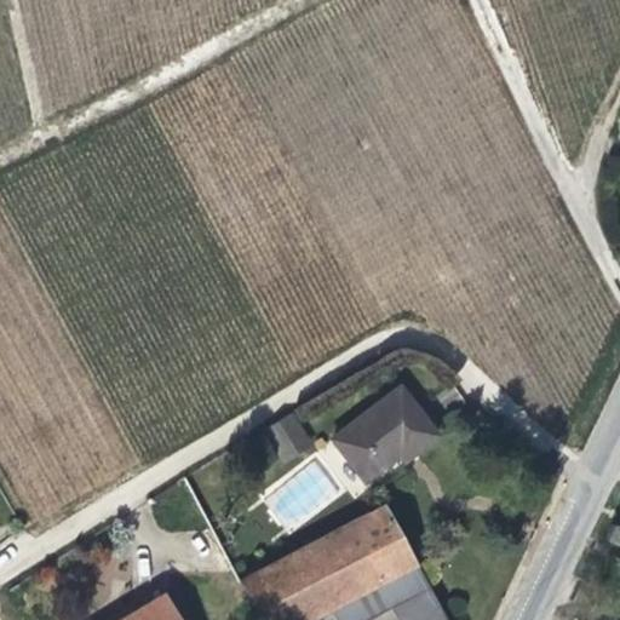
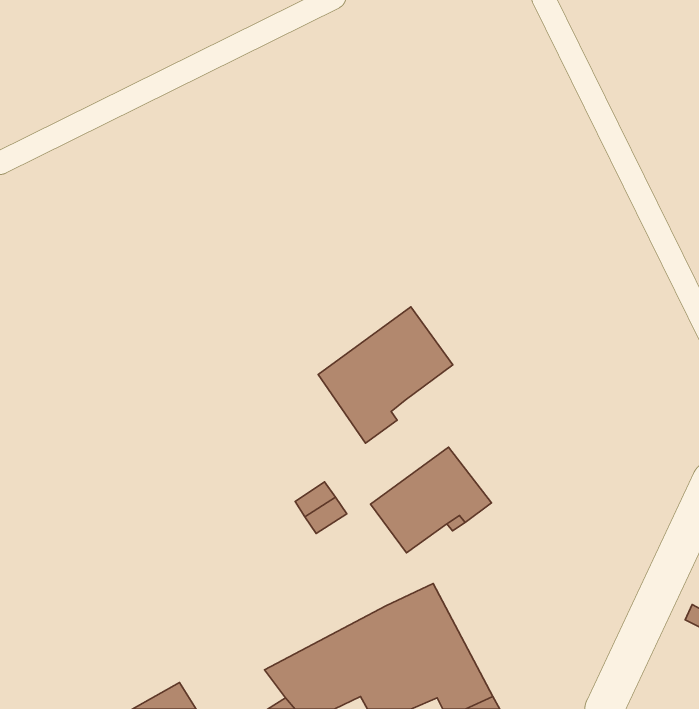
building: none -> [318,307,453,443]

